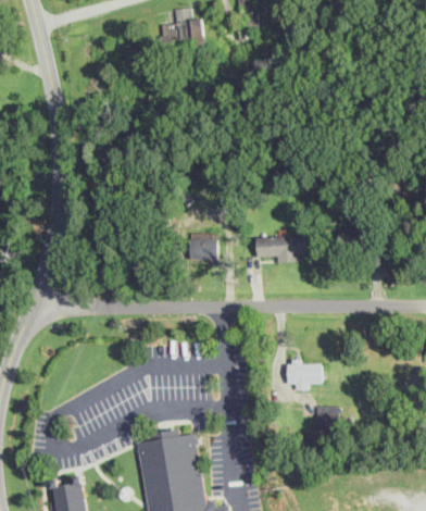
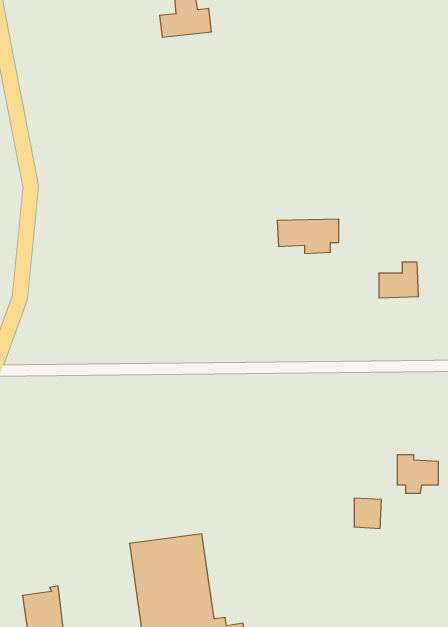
building: [254,236,303,263] -> [277,219,339,253]
building: [187,239,217,260] -> none
building: [288,360,321,390] -> [397,455,438,493]

